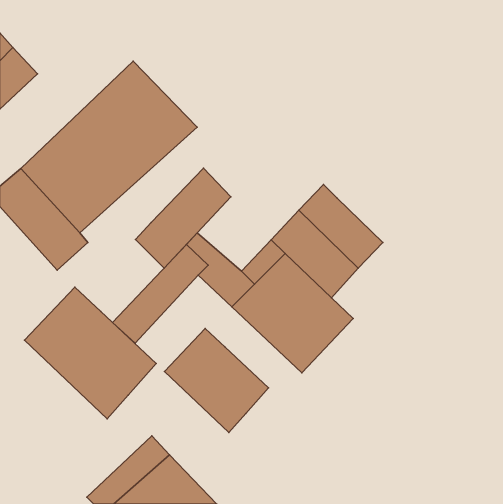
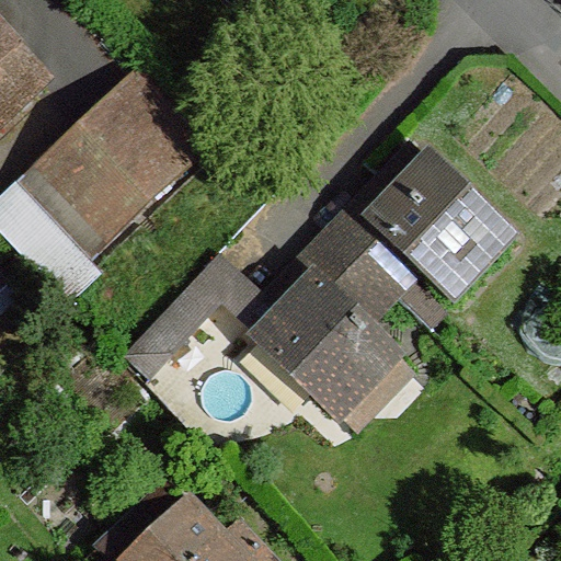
building: none -> [375,162,502,288]
building: [136,168,231,268] -> none
building: [25,287,156,419] -> none
building: [164,328,268,432] -> none

